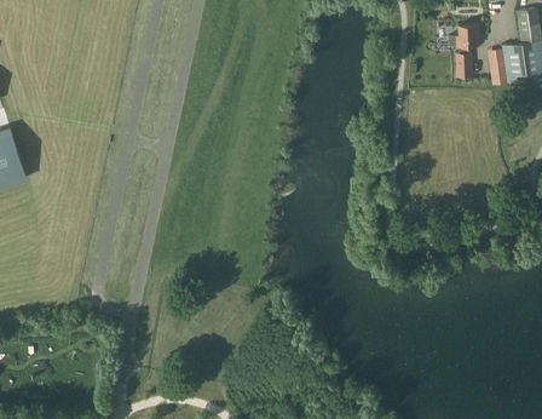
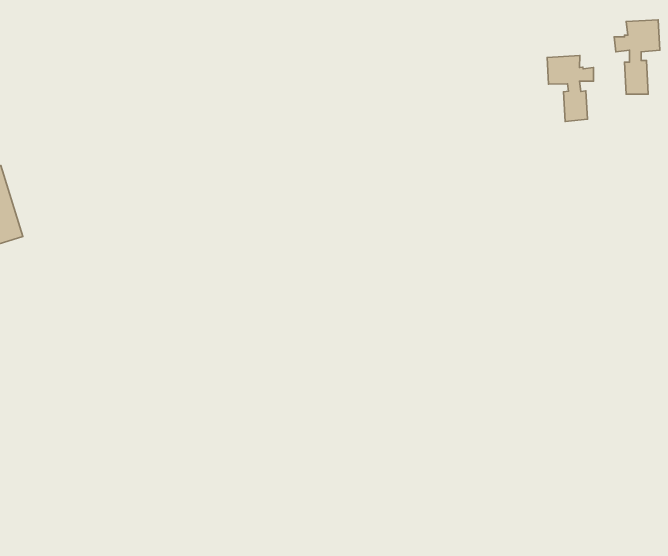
building: none -> [547,56,593,122]

